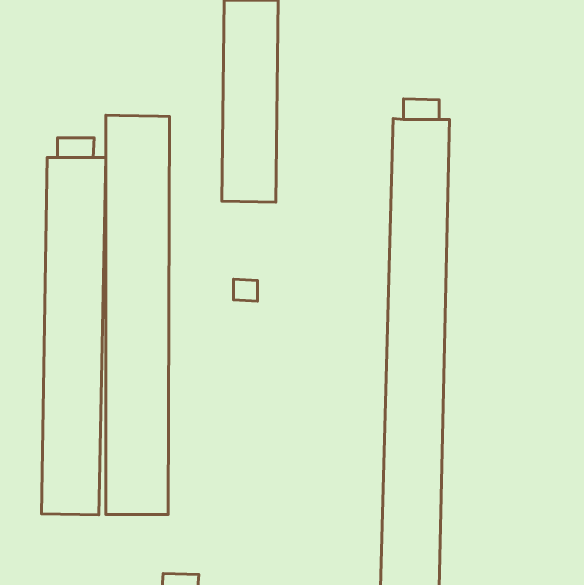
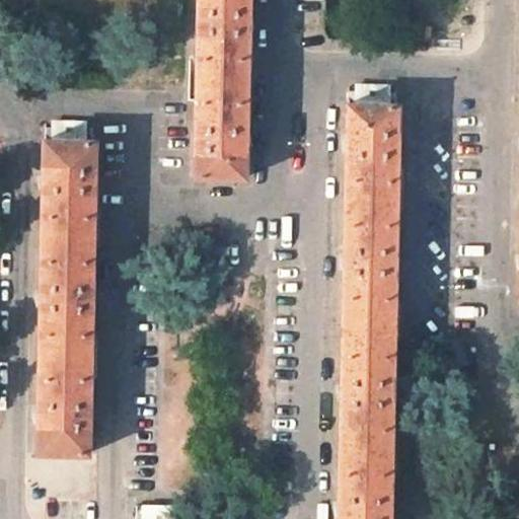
building: [106,115,169,514] -> none

